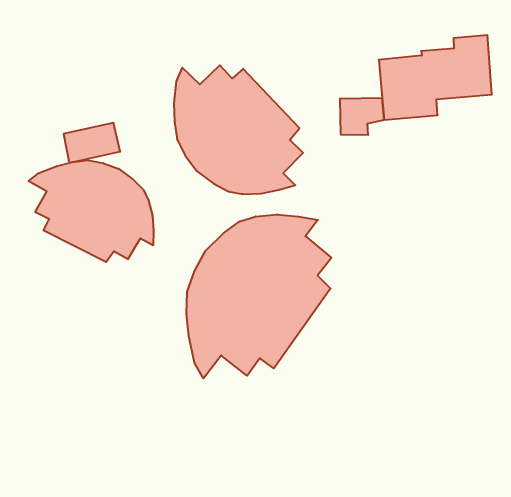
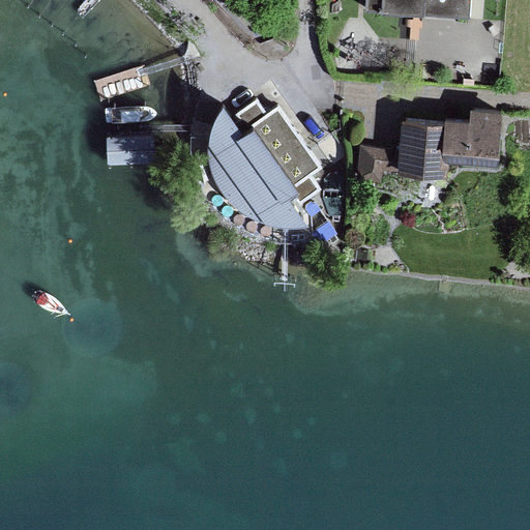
building: [29,160,153,262] -> none
building: [187,214,331,378] -> none

